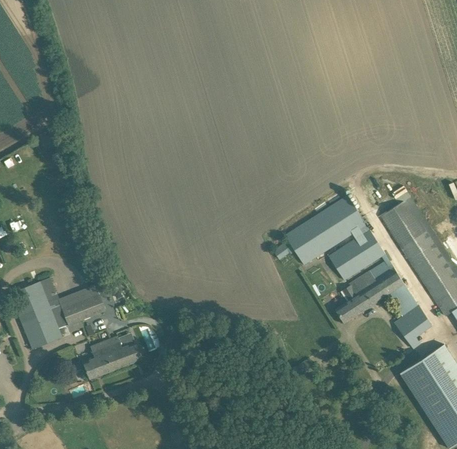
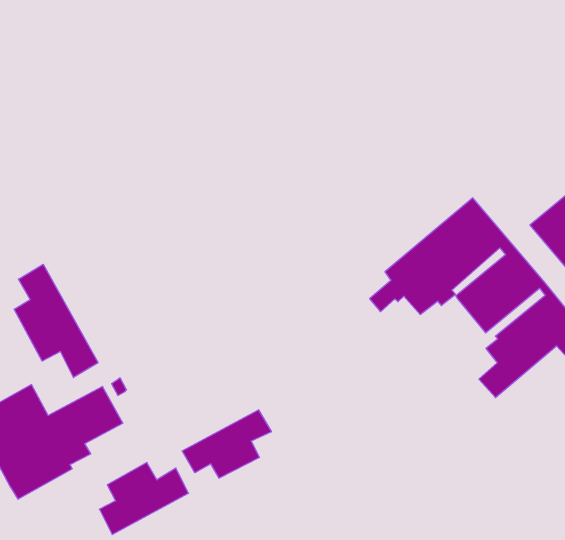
building: none -> [14,264,98,378]
building: none -> [182,410,271,478]

